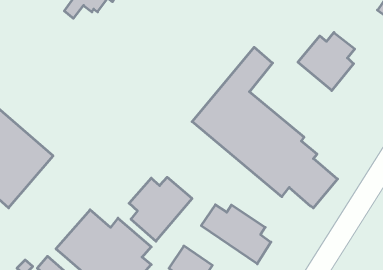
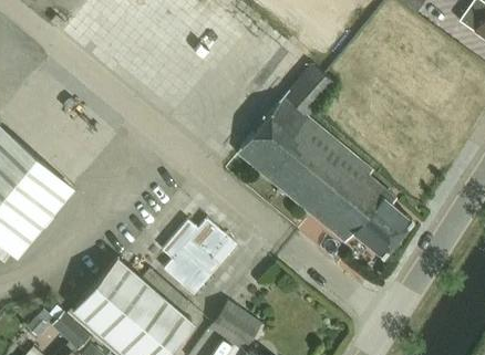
building: [298,32,355,91] -> none
building: [201,205,271,264] -> none

